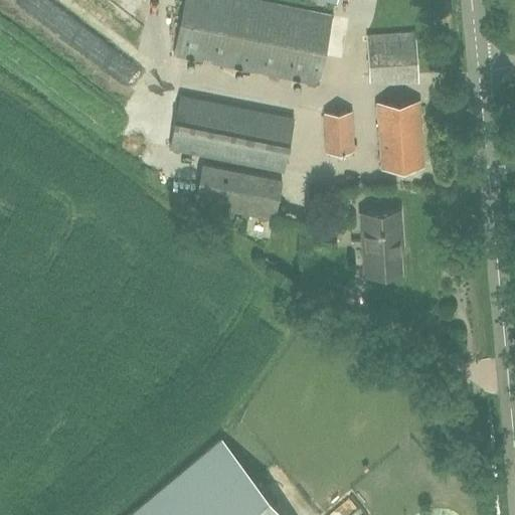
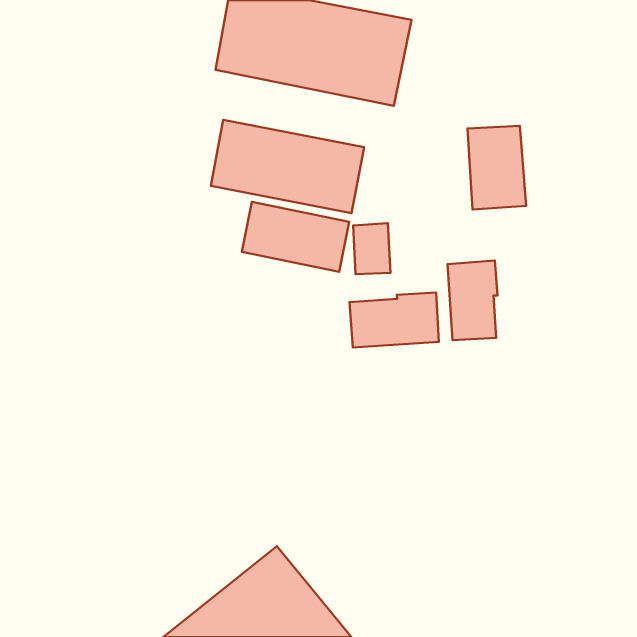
building: [367,32,417,82] -> none
building: [324,112,354,153] -> [353,223,390,274]
building: none -> [349,292,439,348]

